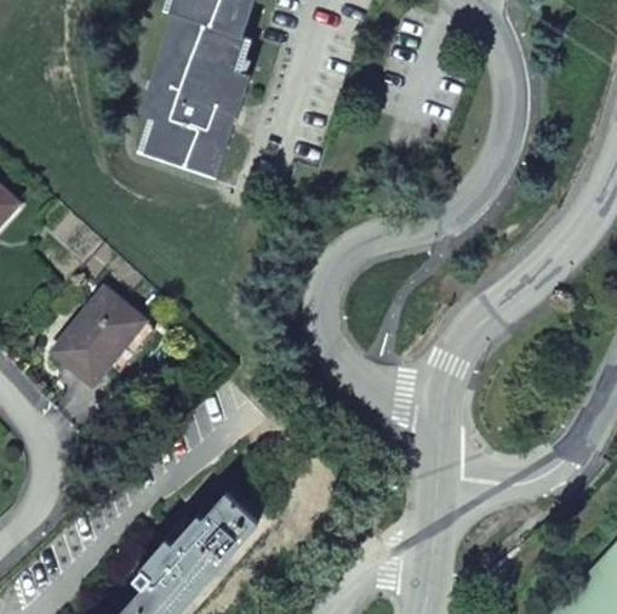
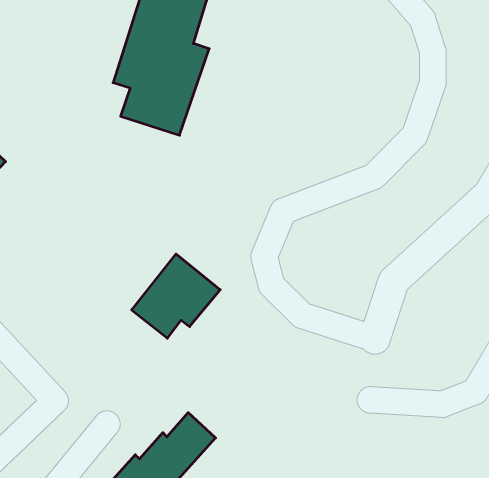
building: [50,288,152,385] -> [132,254,220,338]

